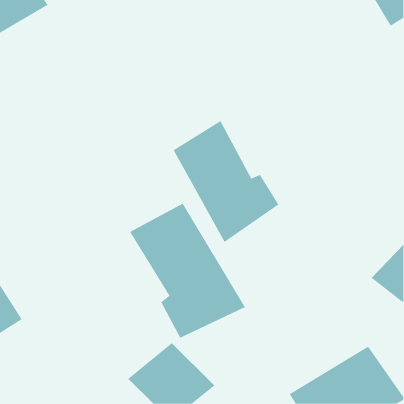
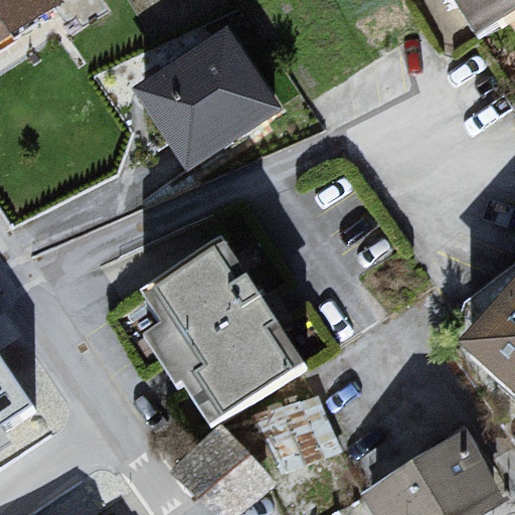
building: none -> [129,29,273,171]
building: [173,120,279,243] -> none

